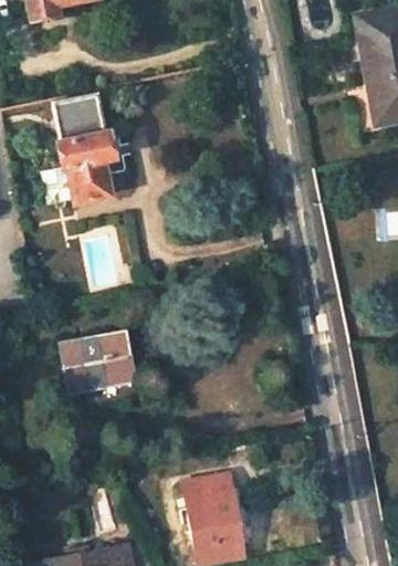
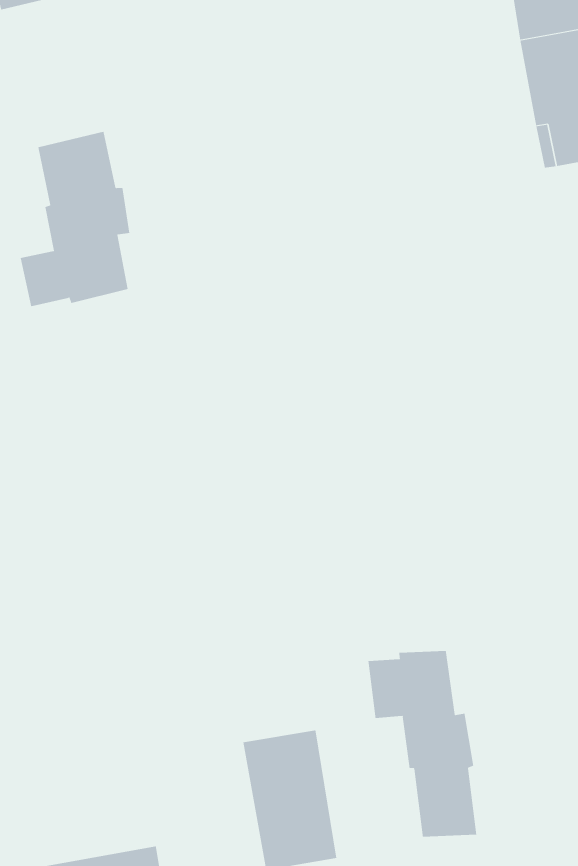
building: [61,337,134,394] -> none
building: none -> [368,650,477,838]

